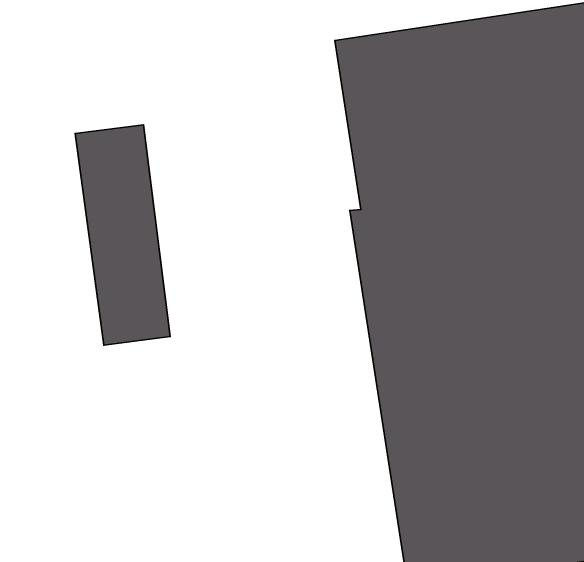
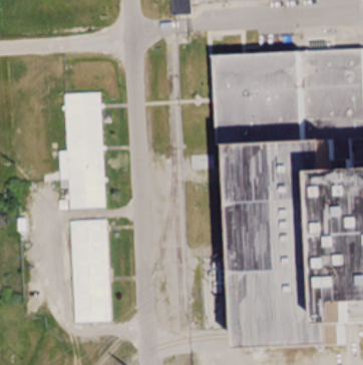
building: none -> [72,216,111,319]

